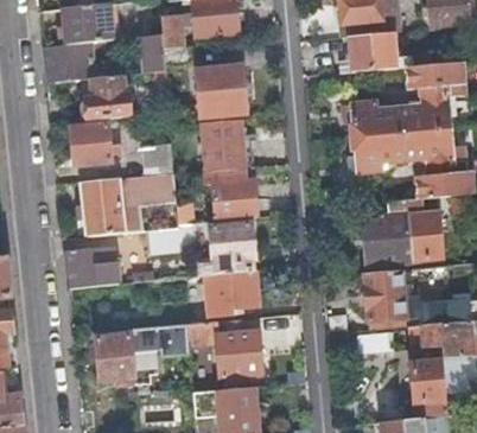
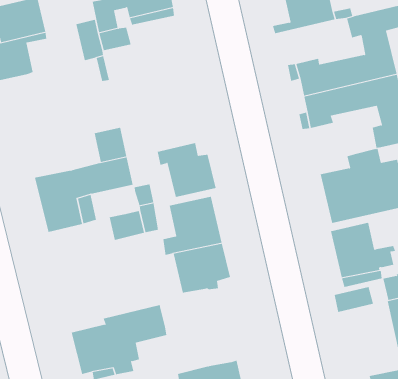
building: [196,66,246,116] -> none
building: [78,76,131,120] -> none
building: [195,120,254,172] -> none
building: [69,125,110,165] -> none
building: [63,247,117,289] -> none
building: [186,318,261,389] -> none

